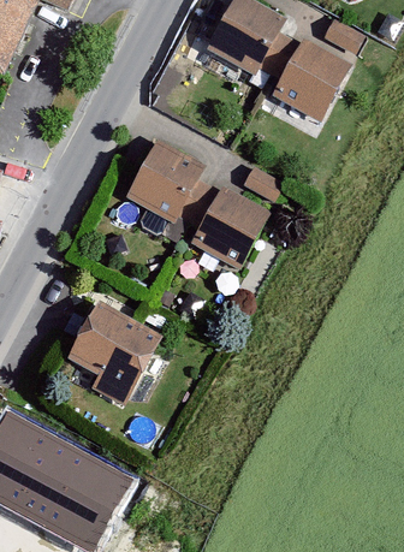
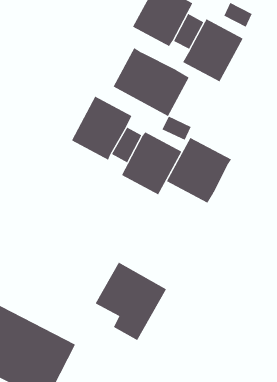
building: none -> [113,47,190,117]
building: none -> [166,137,232,204]
building: [67,305,162,410] -> [95,262,167,341]

